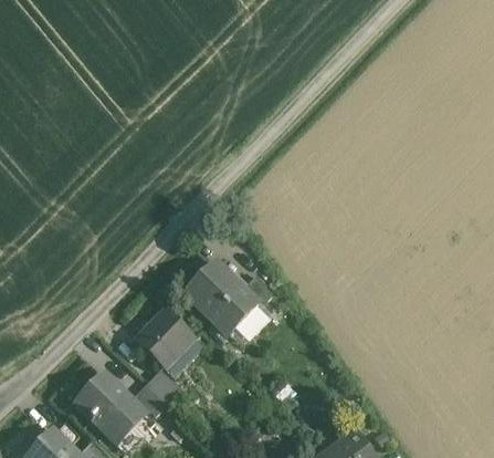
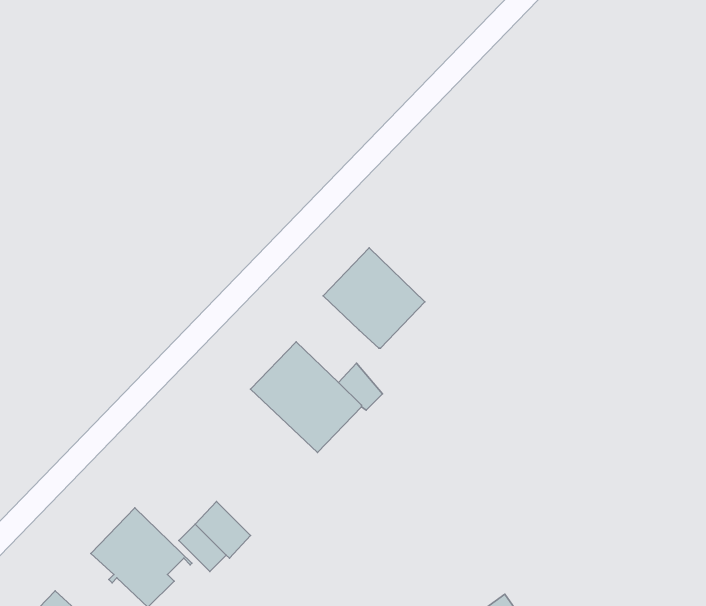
building: none -> [323,248,425,348]
building: [137,311,192,366] -> none

